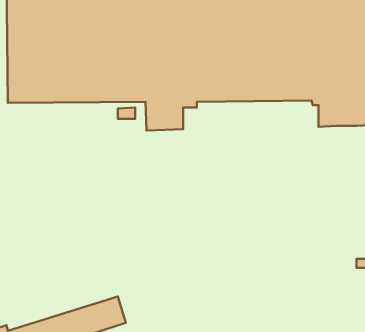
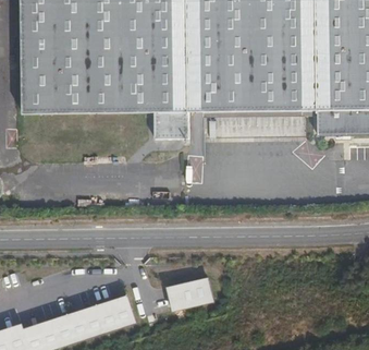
building: none -> [167,278,212,310]

